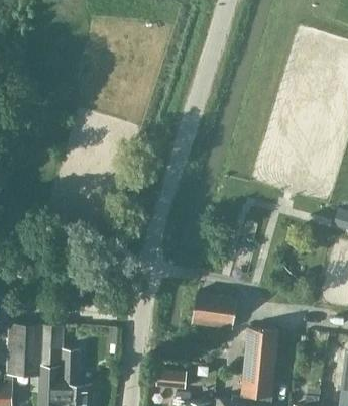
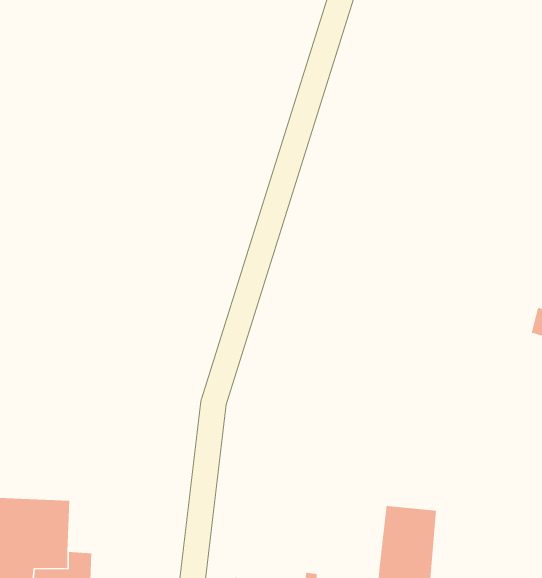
building: [191,290,237,329] -> none

